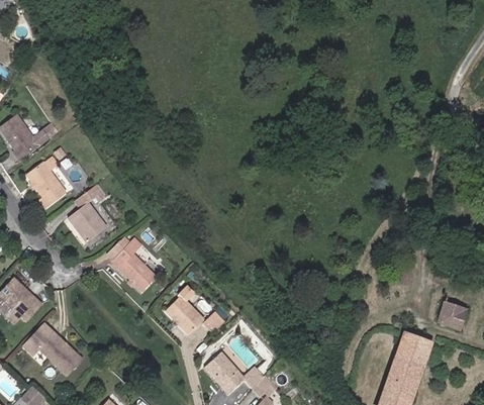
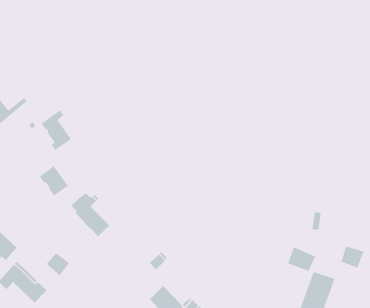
building: [27,159,66,209] -> [40,109,72,151]
building: [166,286,204,334] -> none
building: none -> [287,246,316,272]
building: none -> [46,253,70,276]

